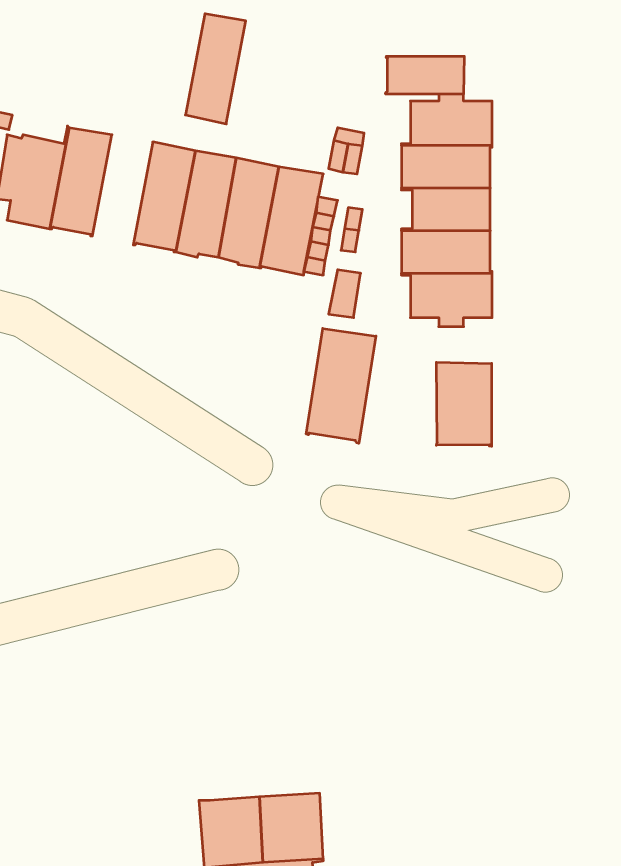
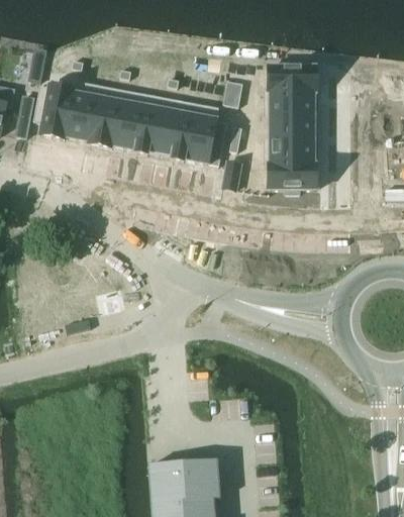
building: [185,14,246,124] -> [88,85,122,147]
building: [386,56,464,94] -> none
building: [306,328,376,443] -> none
building: [436,362,492,446] -> none

